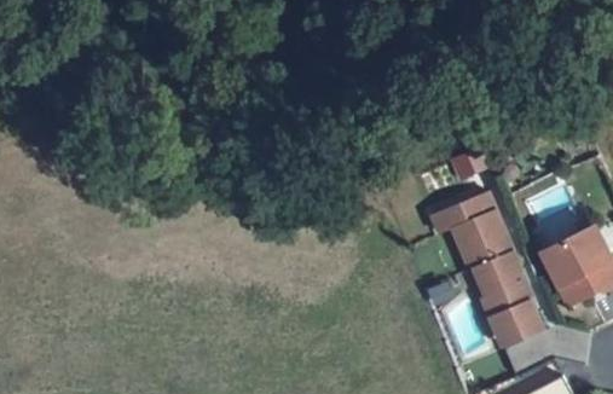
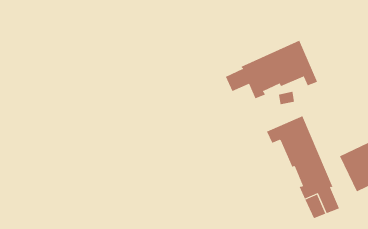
building: none -> [225,40,318,99]

